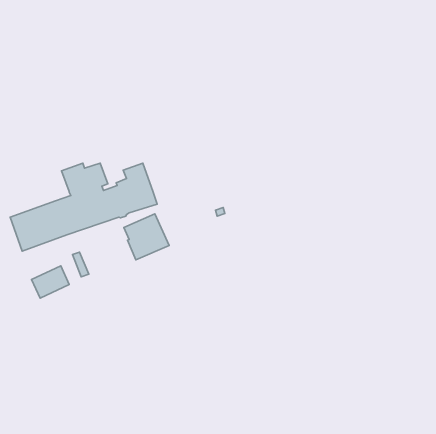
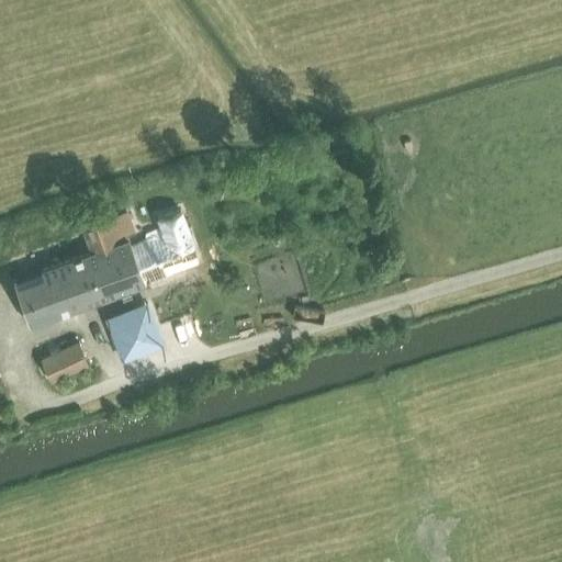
building: [124,214,169,260] -> [105,304,164,363]

